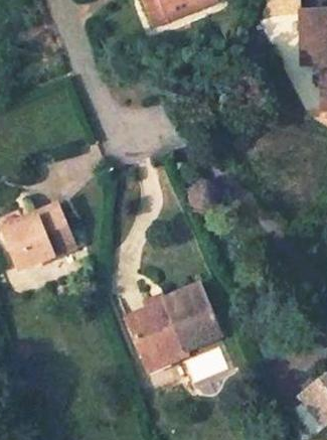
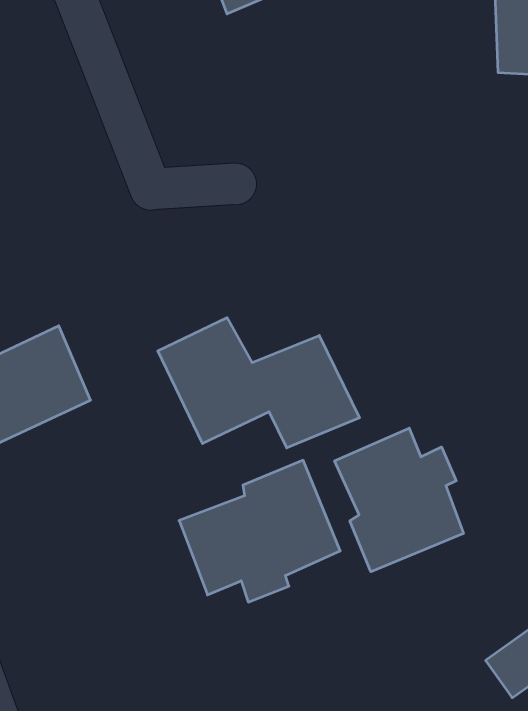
building: none -> [158,318,359,448]
building: none -> [335,428,463,572]

